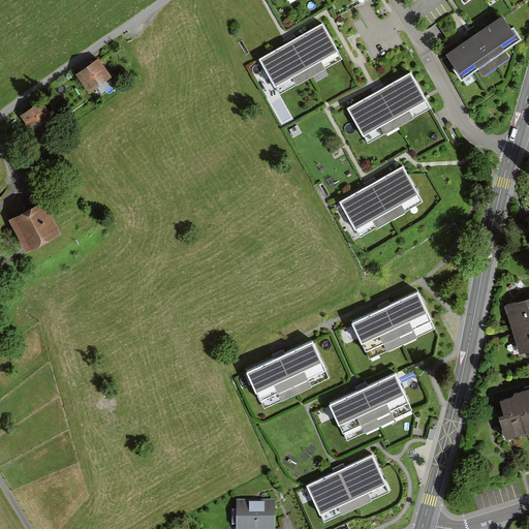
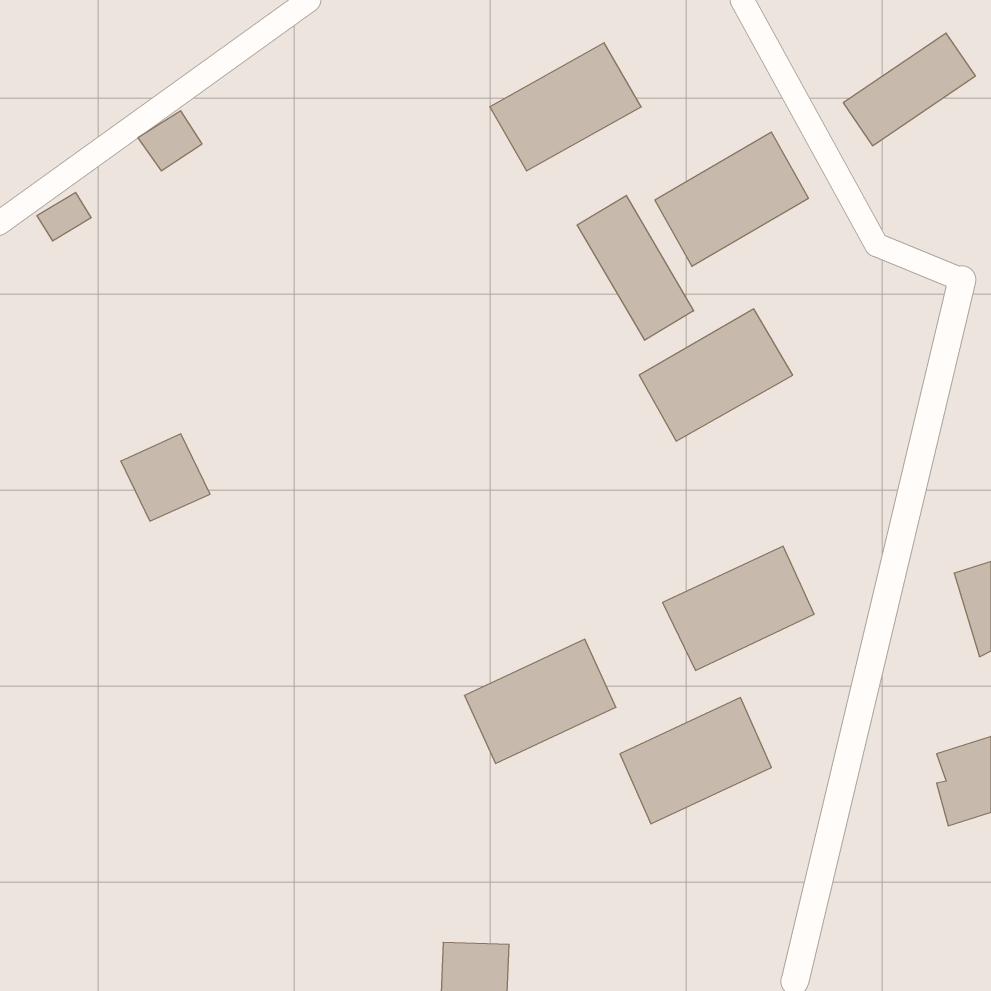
building: none -> [577,195,694,340]
building: [6,206,54,252] -> [121,434,210,521]
building: [307,454,388,520] -> none

